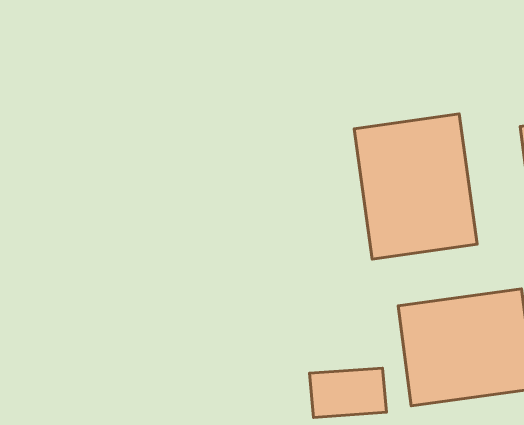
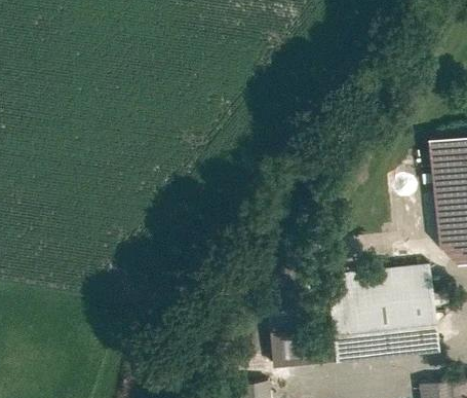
building: [354,114,477,259] -> none

